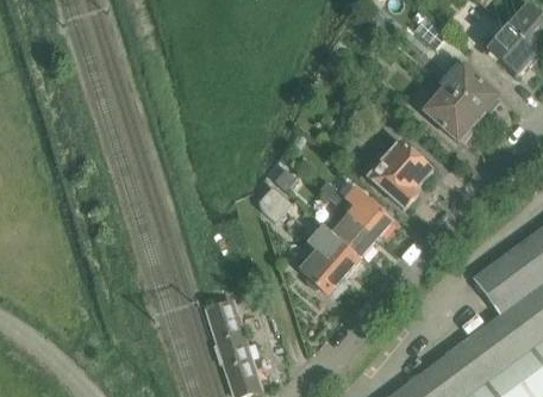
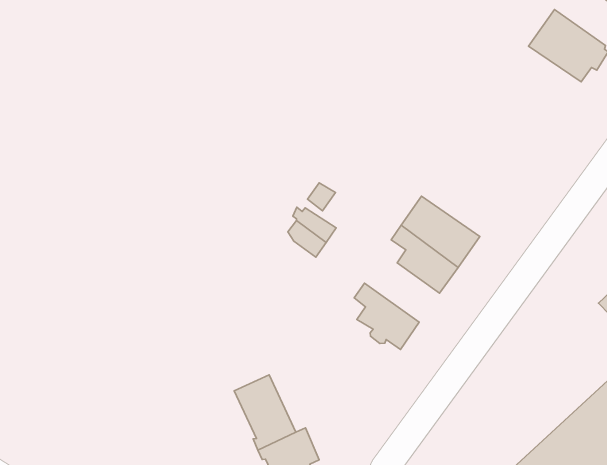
building: [425,89,479,142] -> none
building: [362,139,435,211] -> none
building: [308,232,361,277] -> none

